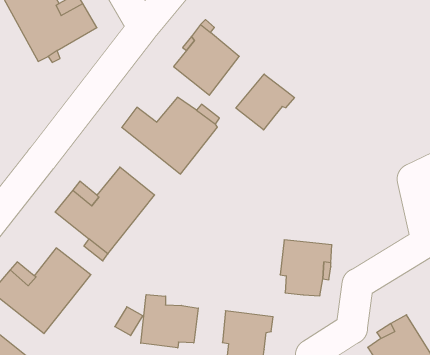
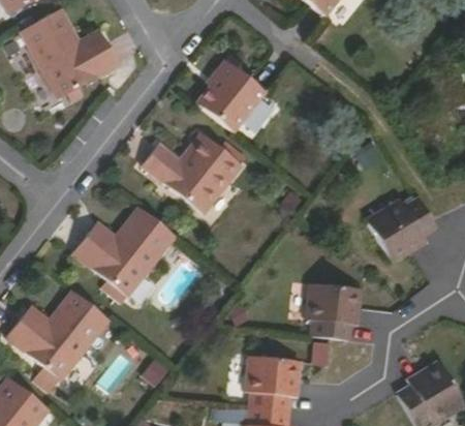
building: [236,74,294,130] -> none
building: none -> [370,195,436,257]
building: [141,295,198,348] -> none

